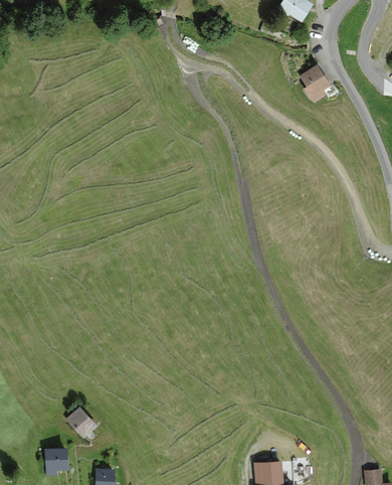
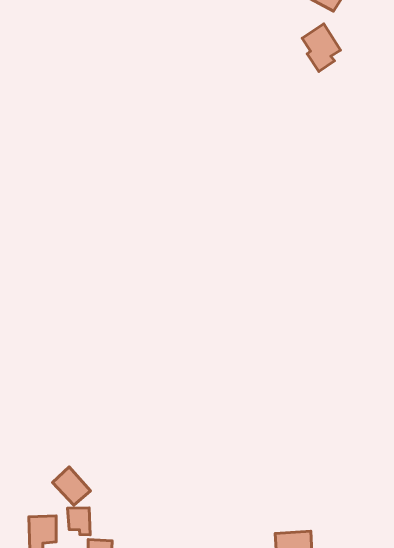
building: [300,63,332,104] -> [302,24,340,72]
building: none -> [68,508,90,535]

